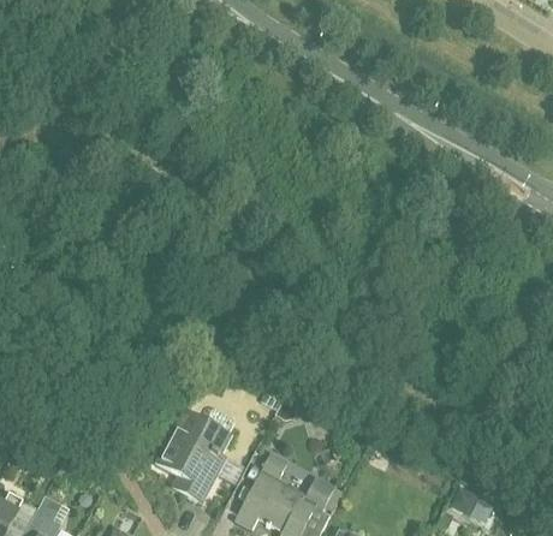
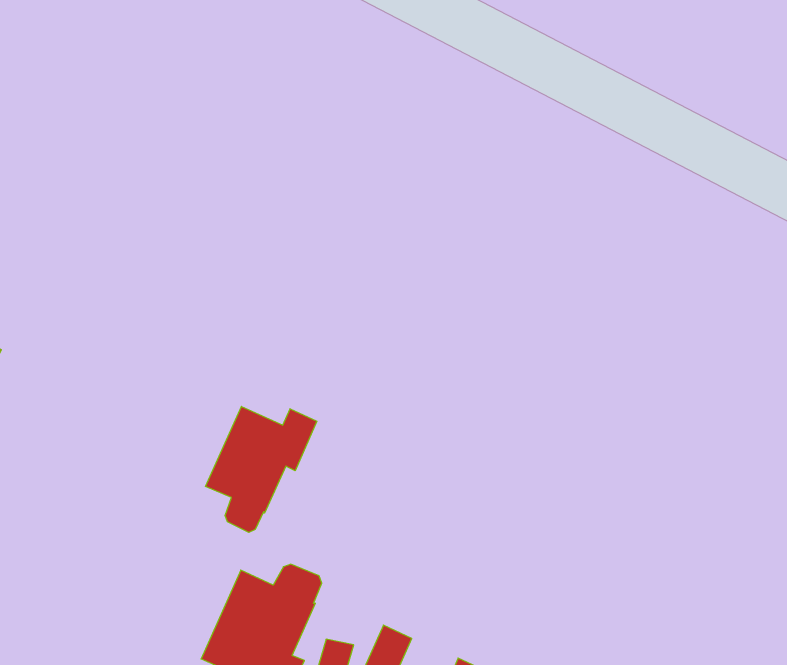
building: none -> [205,406,317,532]

